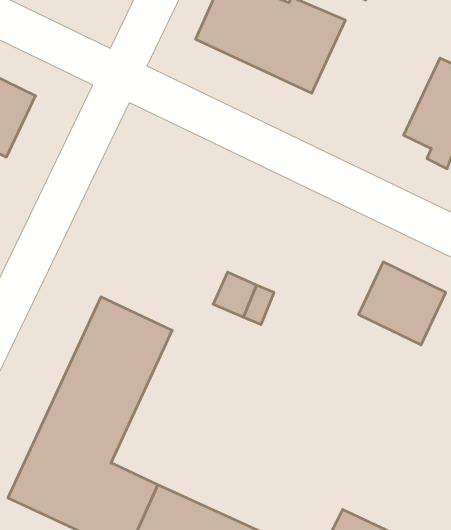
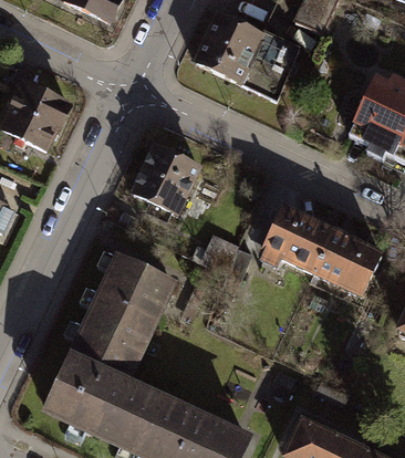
building: none -> [133,144,200,212]
building: none -> [262,206,332,269]

